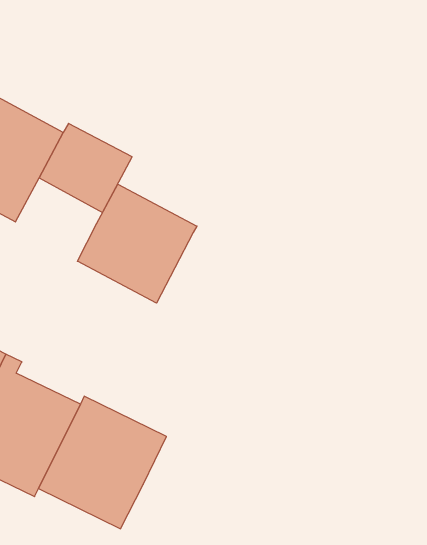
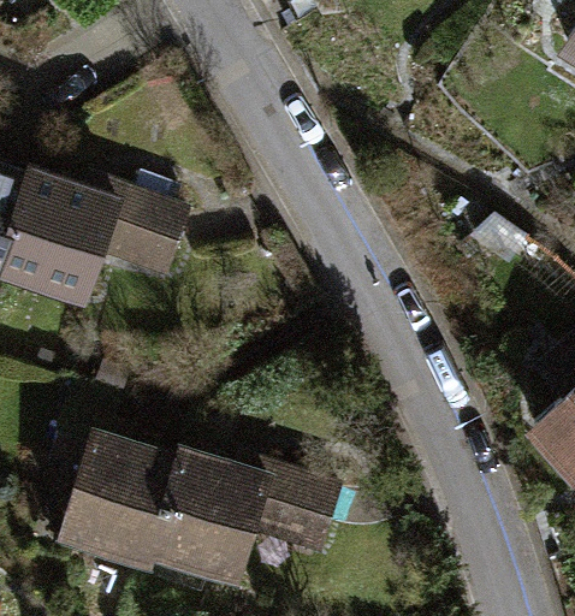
building: [77,184,197,303] -> none
building: none -> [251,470,337,551]

